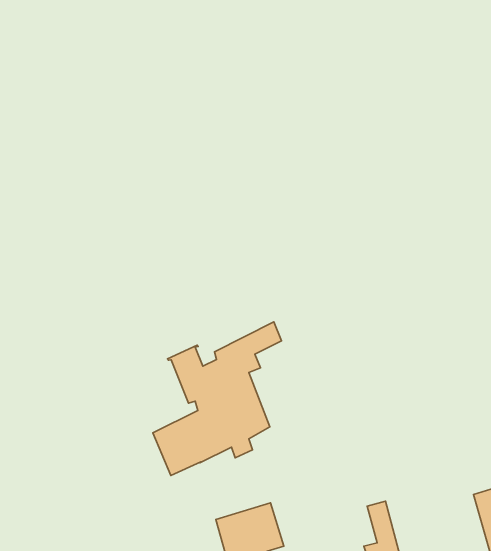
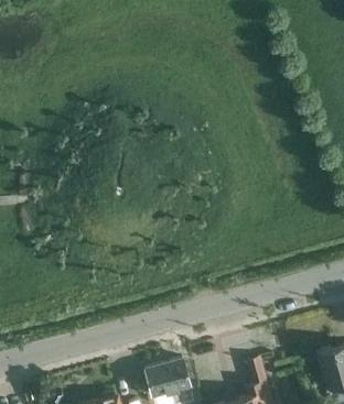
building: [153,322,282,475] -> none

